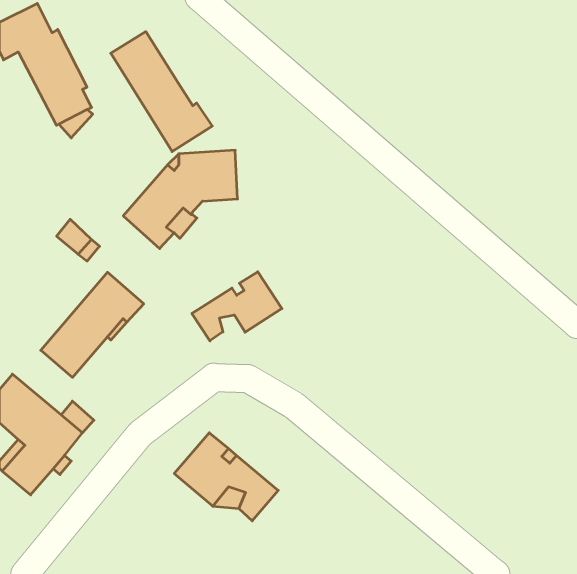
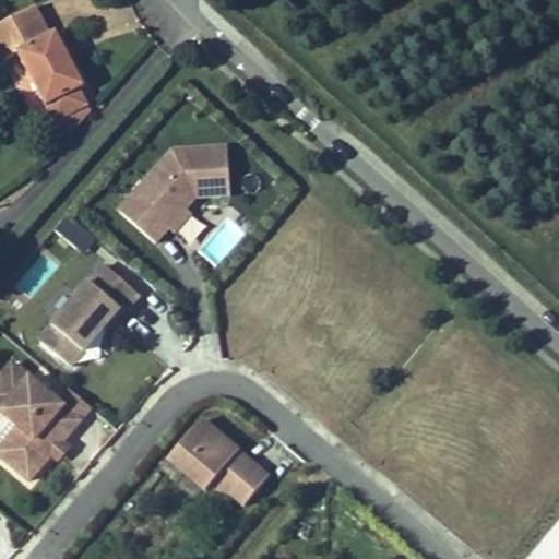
building: [111,32,212,152] -> none
building: [192,272,282,341] -> none

